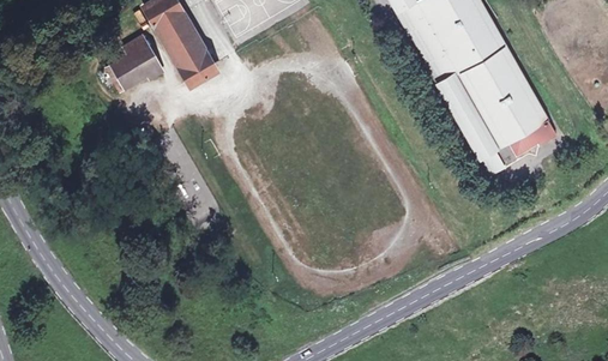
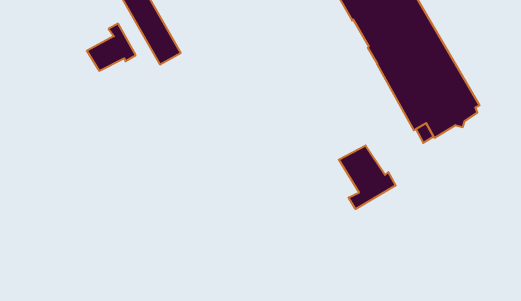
building: none -> [339,145,396,209]

